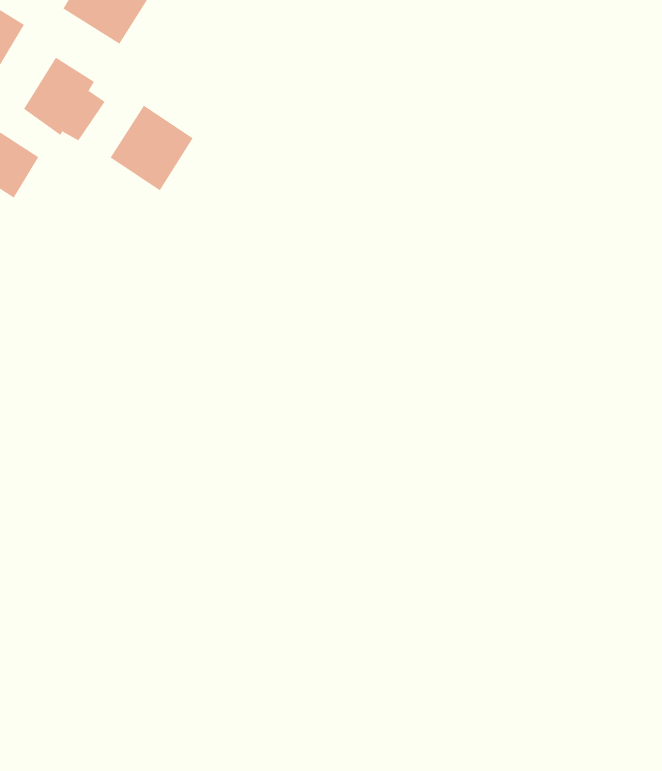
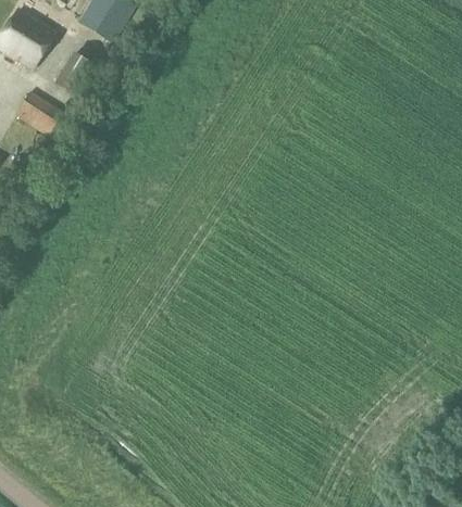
building: [110,105,194,191] -> none

